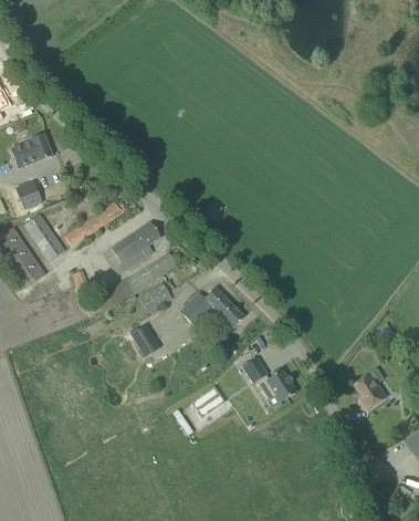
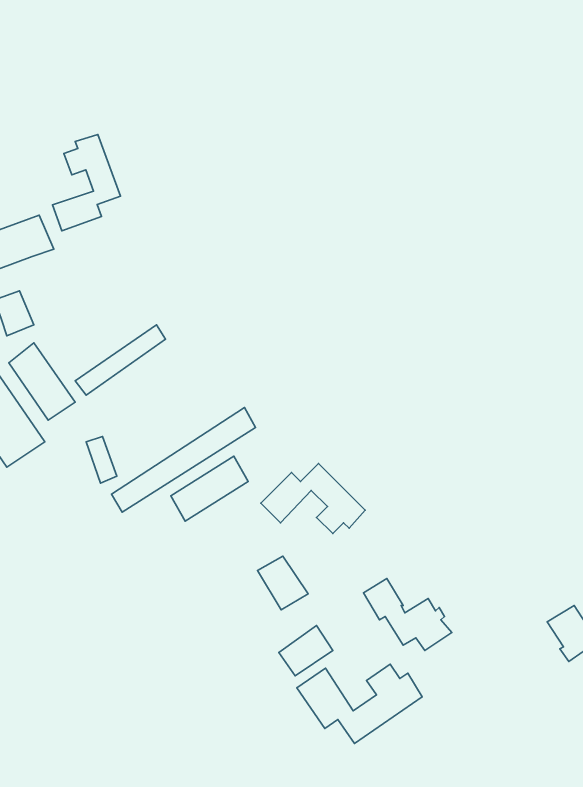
building: none -> [52,135,120,231]
building: [103,220,160,274] -> none
building: [130,324,161,357] -> [258,556,308,610]
building: none -> [297,664,422,744]

